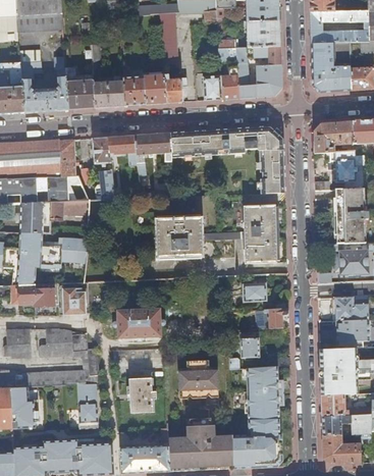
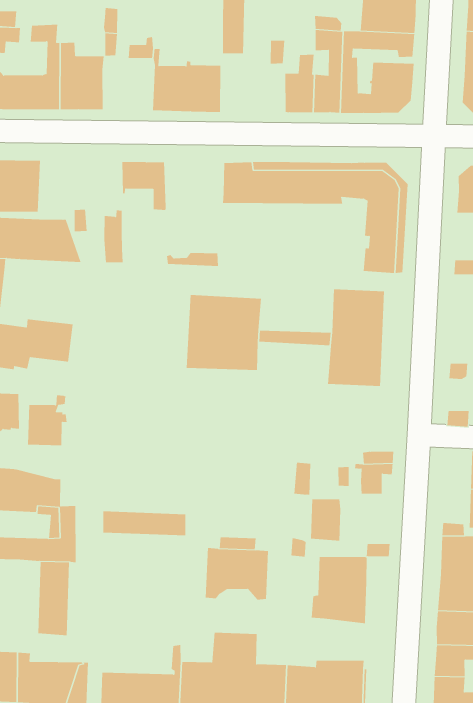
building: [164,71,186,103] -> none
building: [93,77,124,107] -> none
building: [135,134,171,163] -> none
building: [92,138,110,166] -> none
building: [59,140,75,176] -> none
building: [50,201,89,218] -> none
building: [243,282,266,301] -> none
building: [113,309,165,338] -> none
building: [130,378,158,413] -> none
building: [245,406,279,431] -> none

